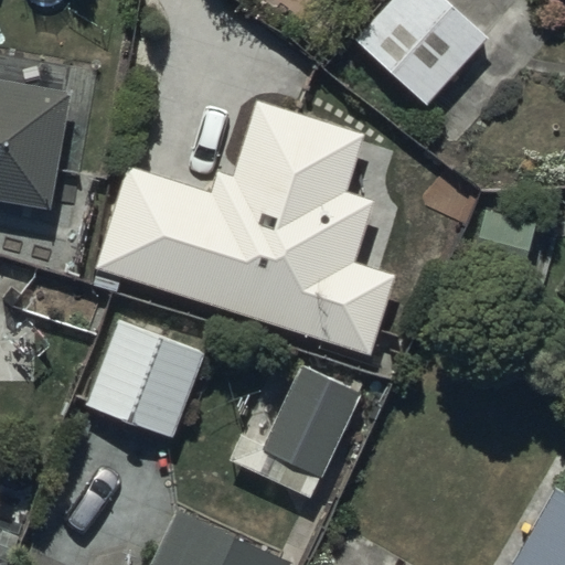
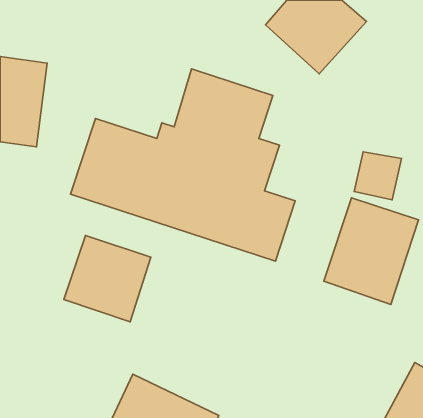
building: none -> [324,198,419,305]
building: [230,370,358,498] -> none

